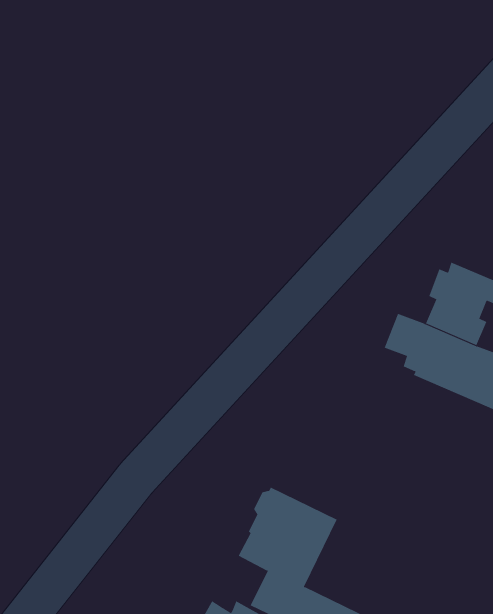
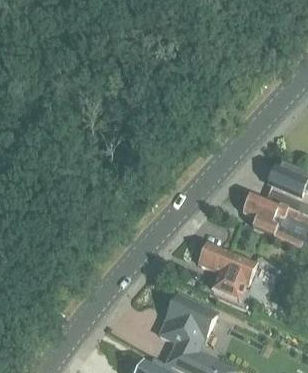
building: none -> [199,243,256,300]

